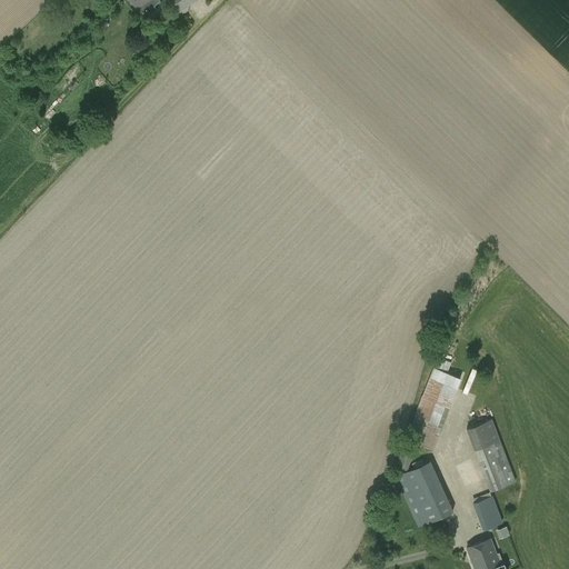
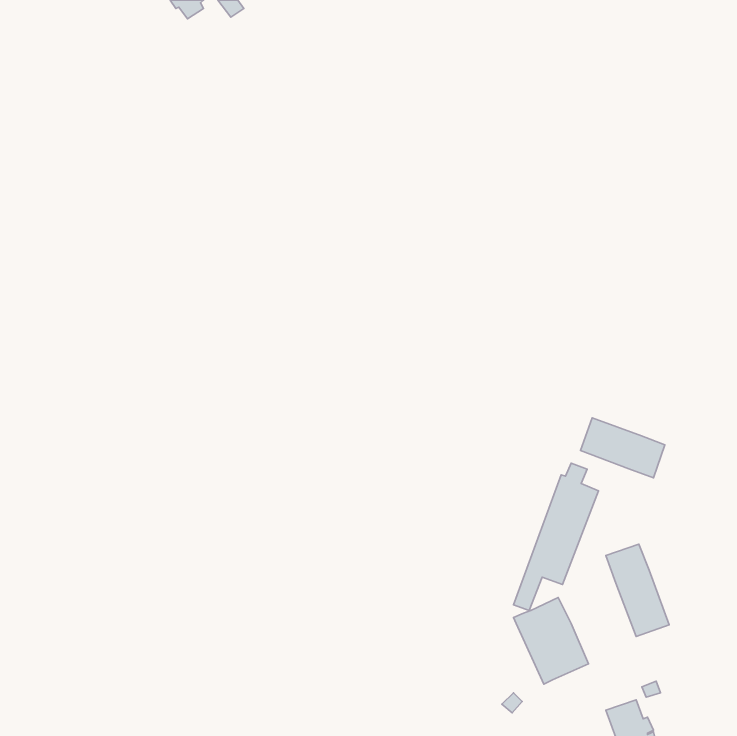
building: none -> [581,418,665,478]
building: [472,496,503,530] -> none

